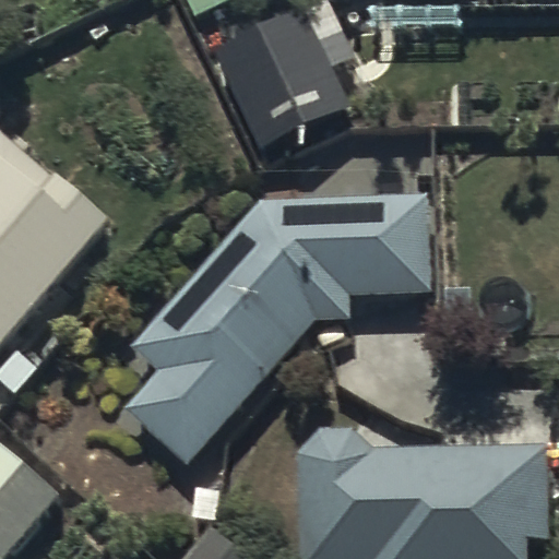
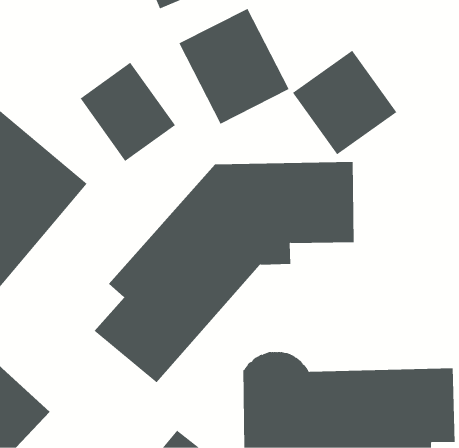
building: none -> [292,50,397,155]
building: none -> [80,62,176,162]

